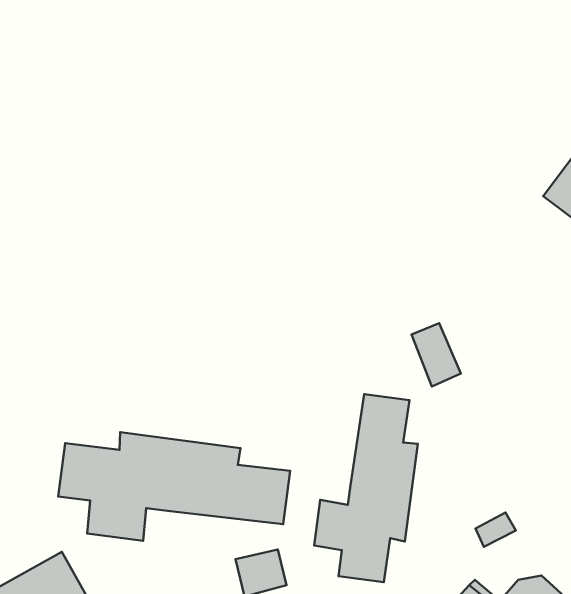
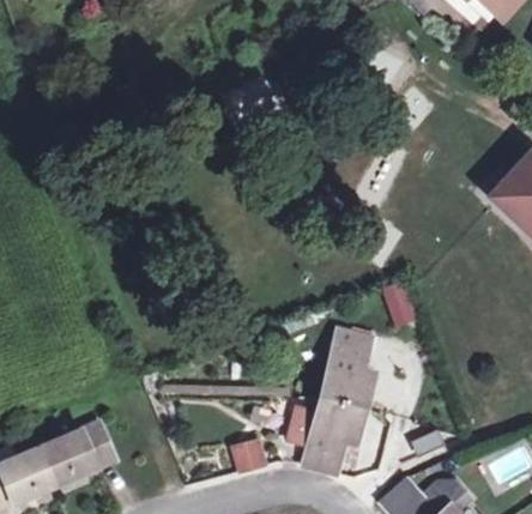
building: [58,432,290,541] -> none

